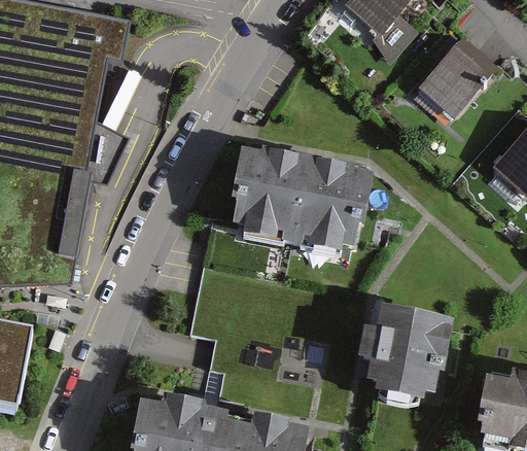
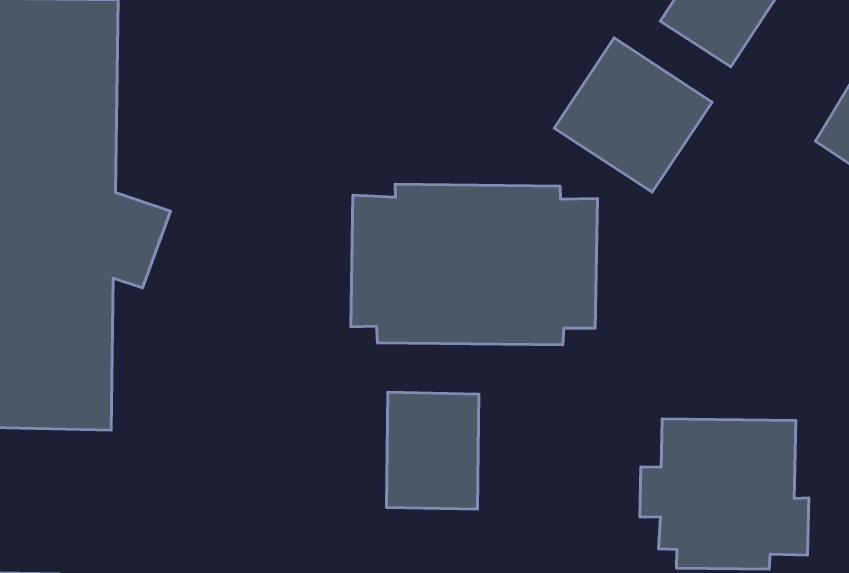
building: none -> [554,38,712,192]
building: none -> [387,392,479,509]

